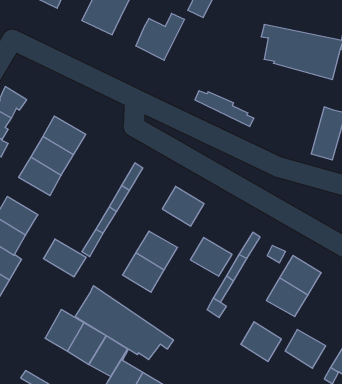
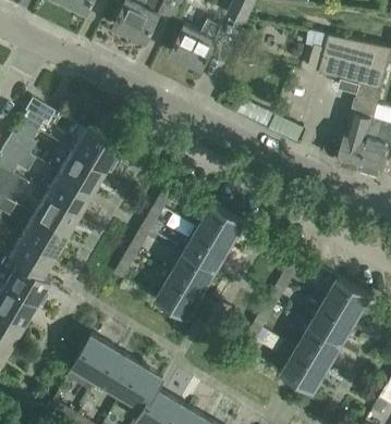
building: none -> [337,86,380,171]
building: [190,237,232,276] -> [184,229,229,271]
building: [43,239,86,277] -> [33,196,78,236]
building: [75,286,173,360] -> none
building: [285,330,326,368] -> [296,327,340,369]

